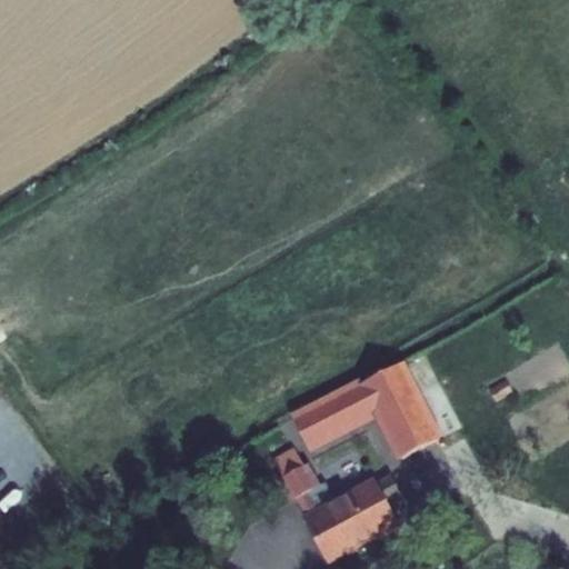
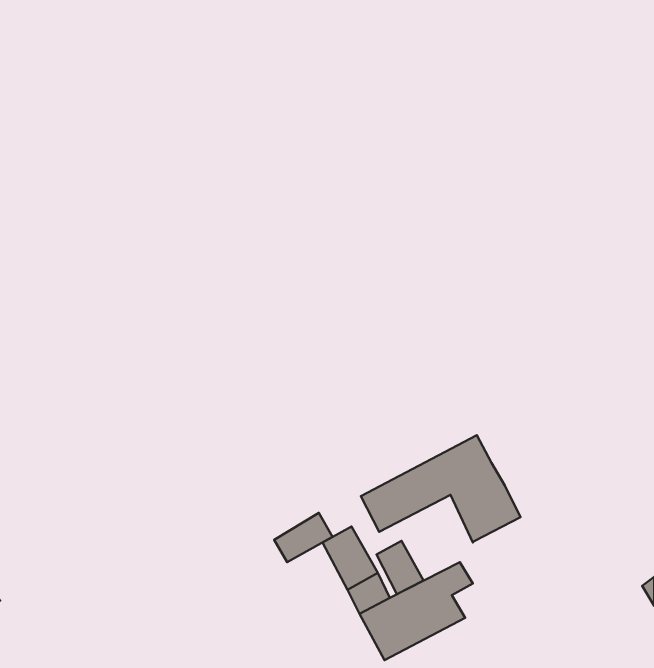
building: none -> [274,513,332,562]
building: none -> [376,541,423,594]

